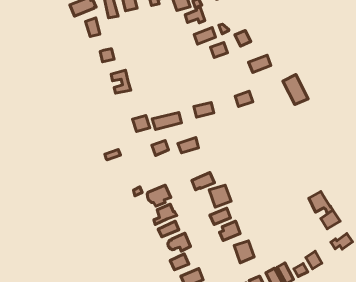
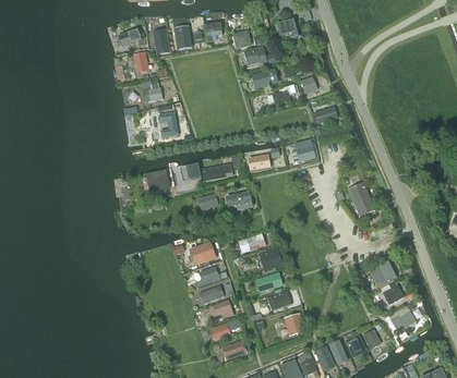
building: [283,74,308,105] -> [347,181,374,215]
building: none -> [146,166,171,190]

